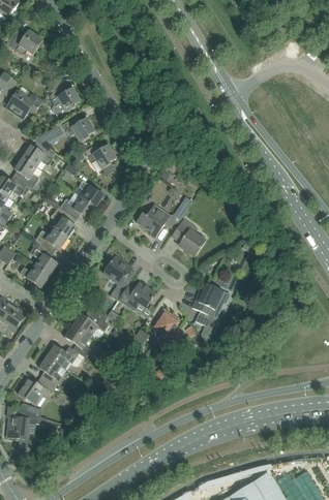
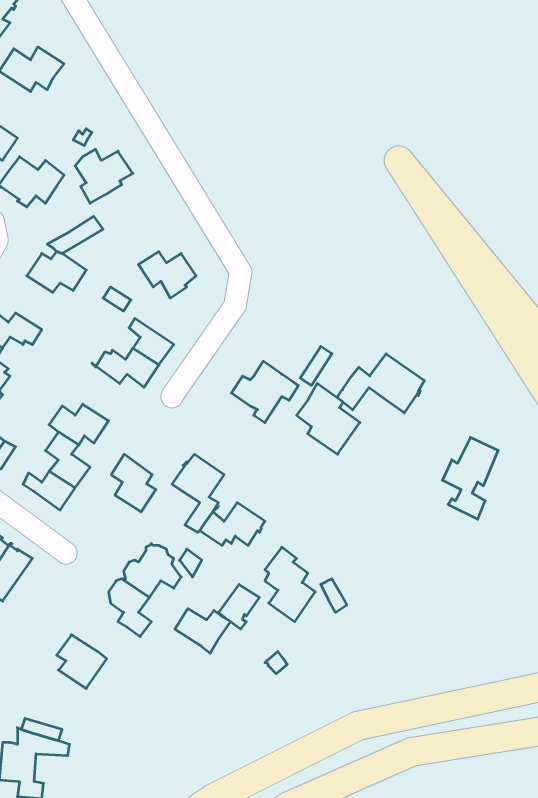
building: [62,117,94,143] -> none
building: [13,157,39,188] -> none
building: none -> [338,354,424,413]
building: [51,206,76,238] -> [111,454,156,512]
building: [191,283,222,329] -> [442,437,498,519]
building: [47,345,78,370] -> [175,609,231,653]
building: [18,376,55,405] -> none

